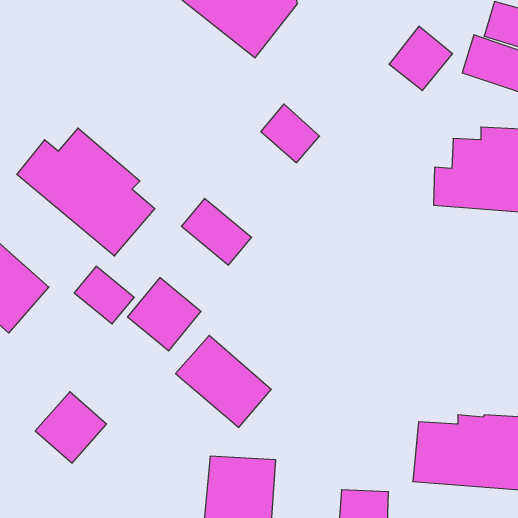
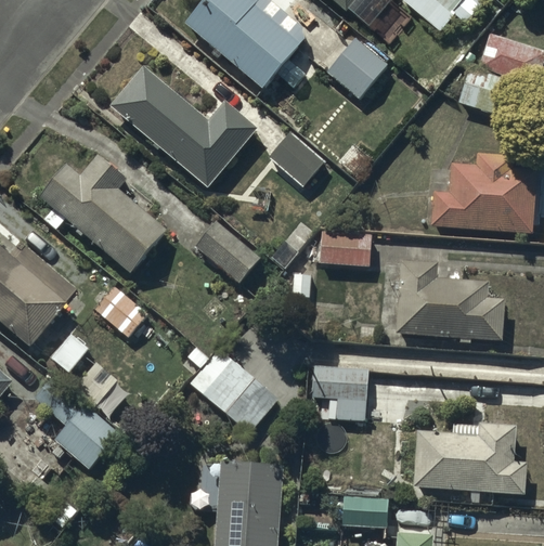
building: [389,26,452,91] -> [327,38,387,99]
building: none -> [109,65,258,187]
building: none -> [321,231,372,265]
building: none -> [396,260,506,341]
building: [128,278,201,351] -> none
building: none -> [312,364,368,420]

